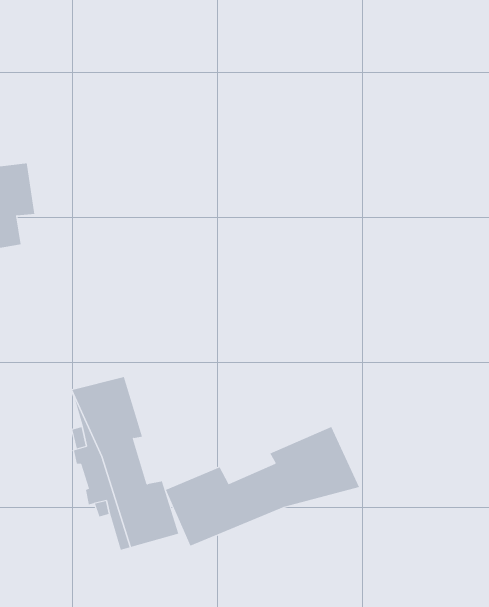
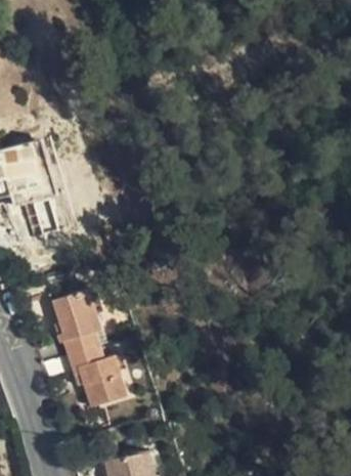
building: [165,426,360,547] -> none

